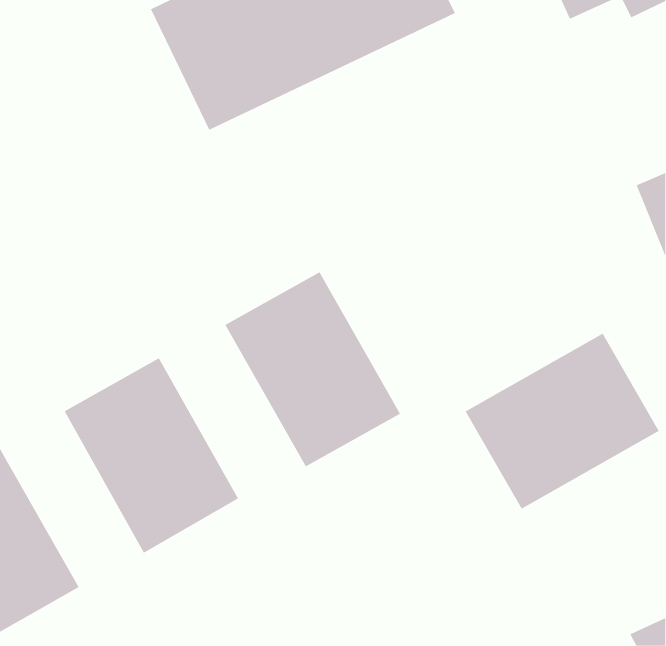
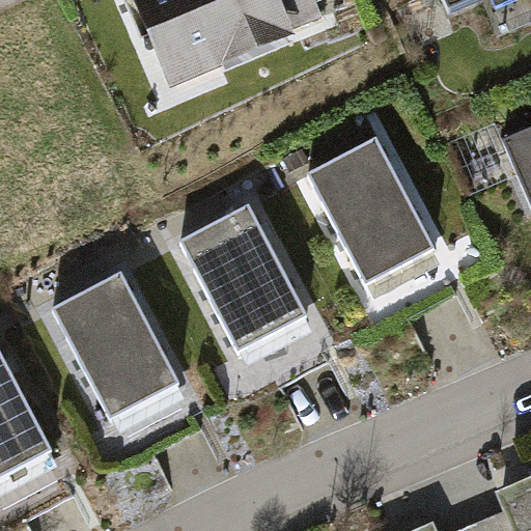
building: none -> [306,144,446,300]
building: [465,333,660,510] -> none

